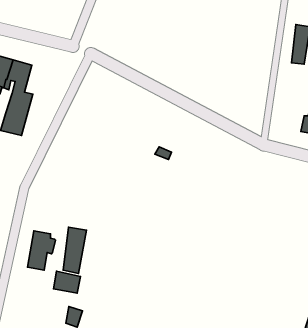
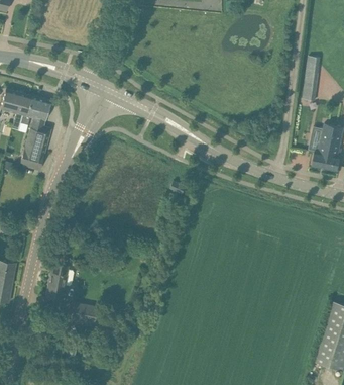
building: [63,227,87,273] -> none

